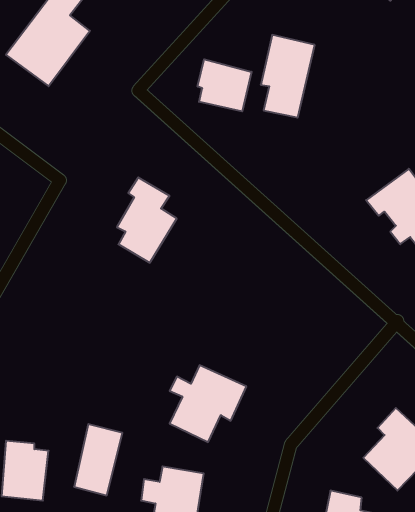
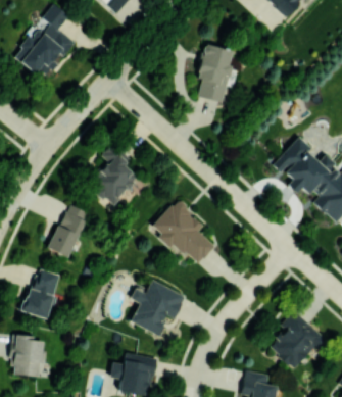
building: [198,59,252,111] -> none
building: none -> [152,200,215,264]
building: none -> [48,203,90,257]
building: [74,424,122,495] -> [25,267,59,318]

